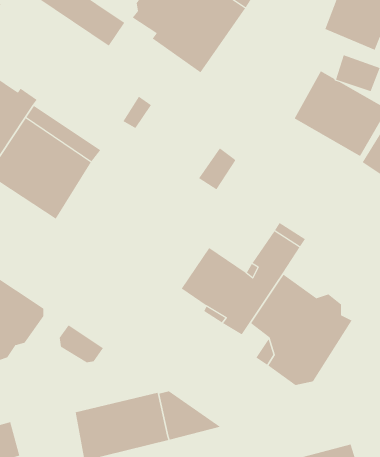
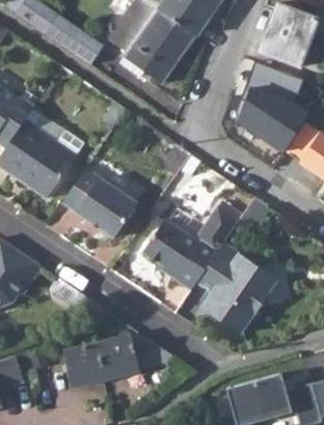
building: none -> [64,168,138,237]

